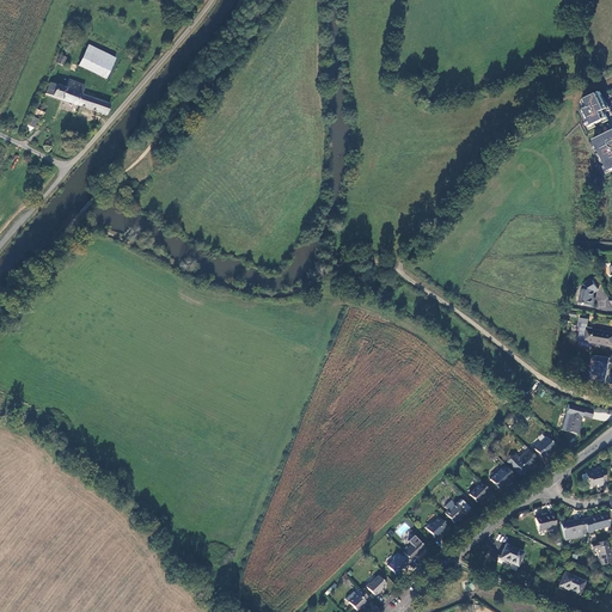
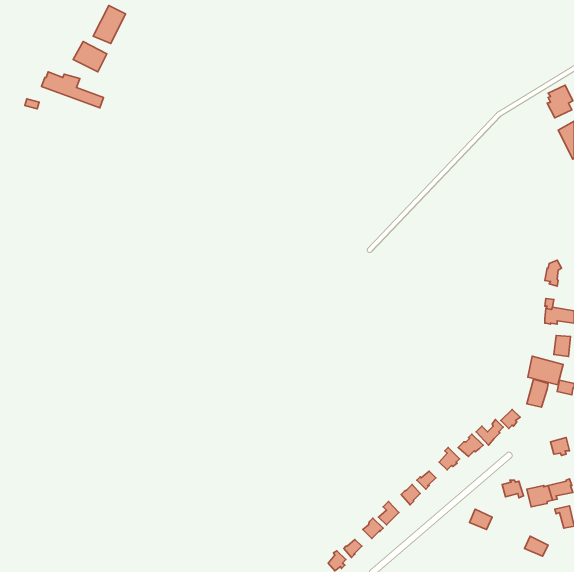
building: none -> [93,5,125,44]
building: none -> [528,356,563,385]

